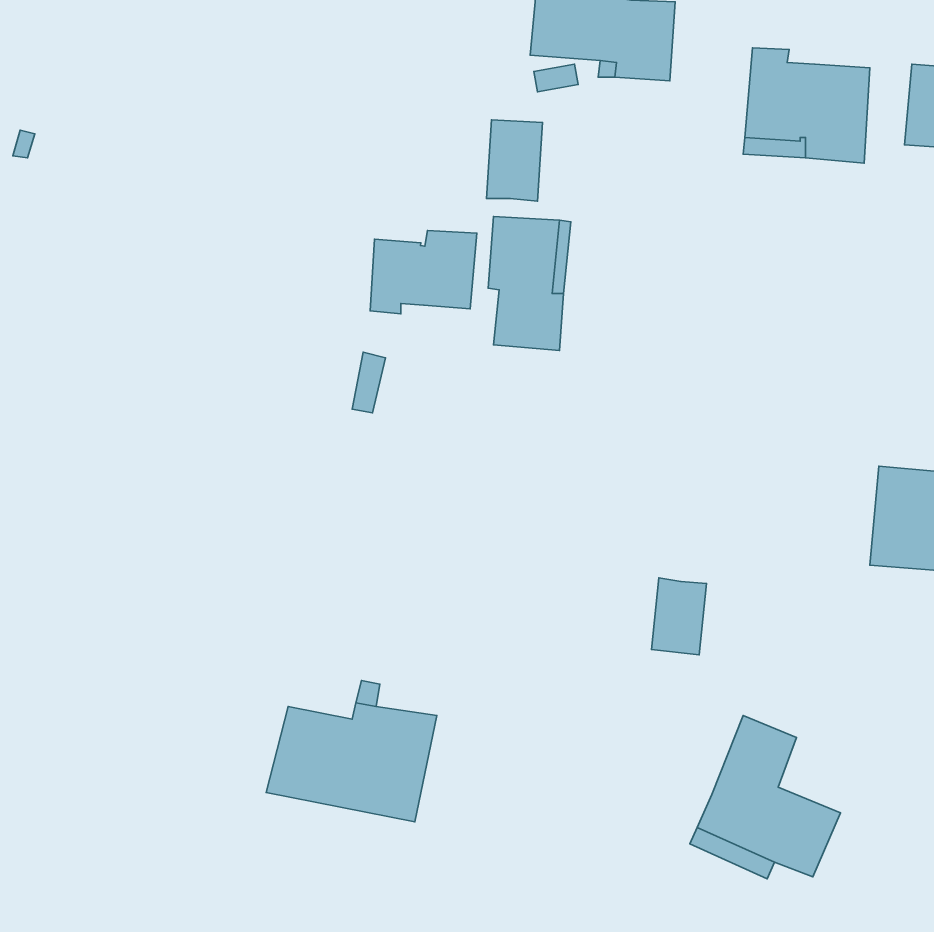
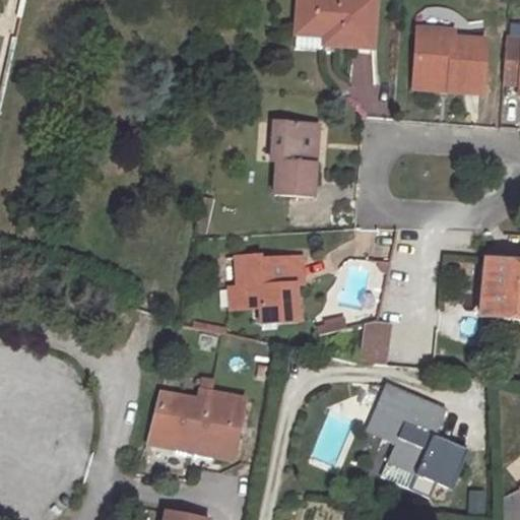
building: [487,120,543,201] -> none
building: [370,230,477,314] -> none
building: none -> [230,254,302,320]
building: none -> [369,384,413,440]

